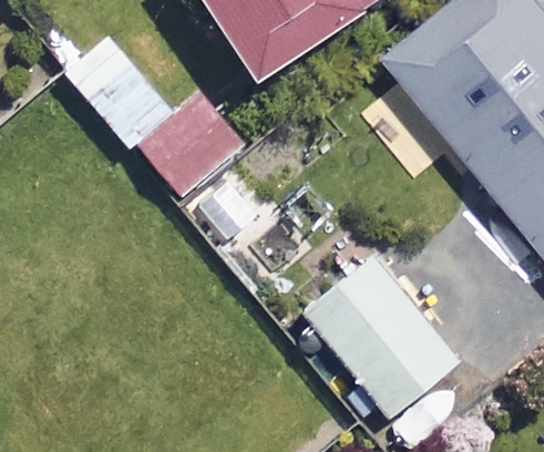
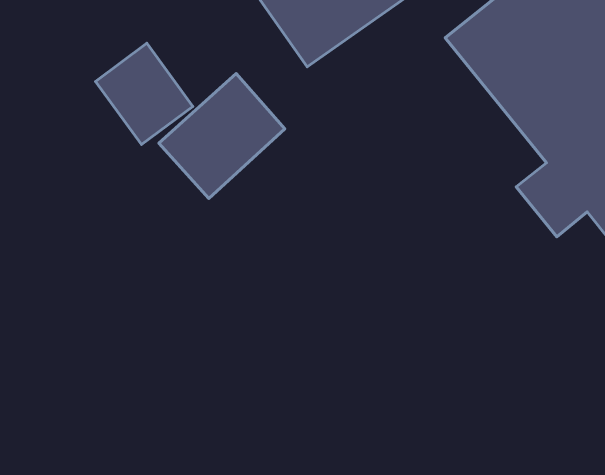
building: [301,254,455,417] -> none

